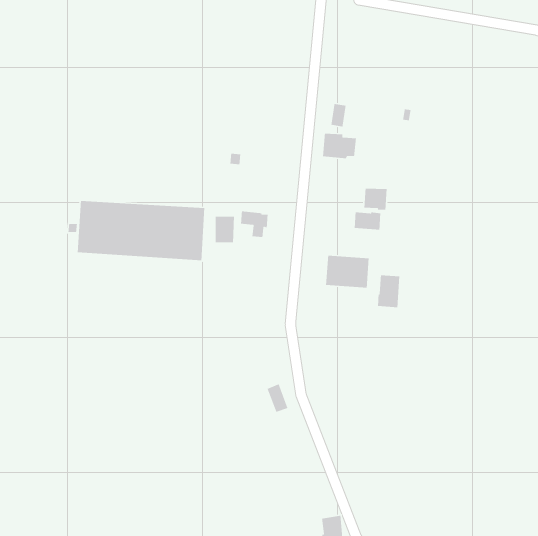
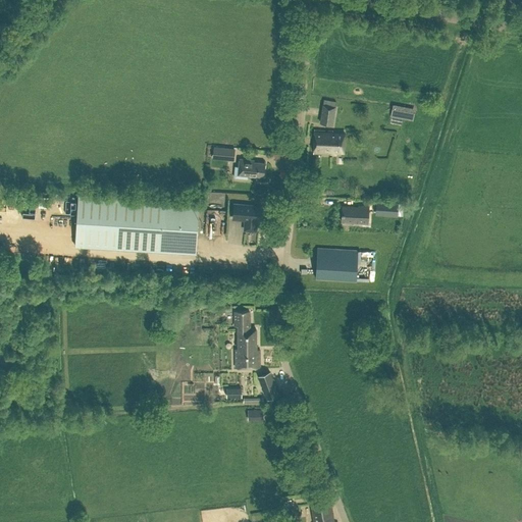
building: none -> [234,160,265,180]
building: [364,188,388,210] -> none
building: [377,274,400,308] -> none
building: none -> [234,312,260,369]

